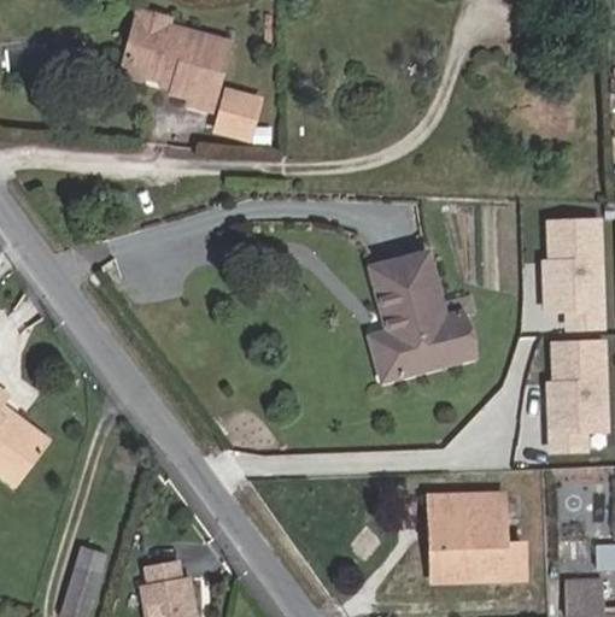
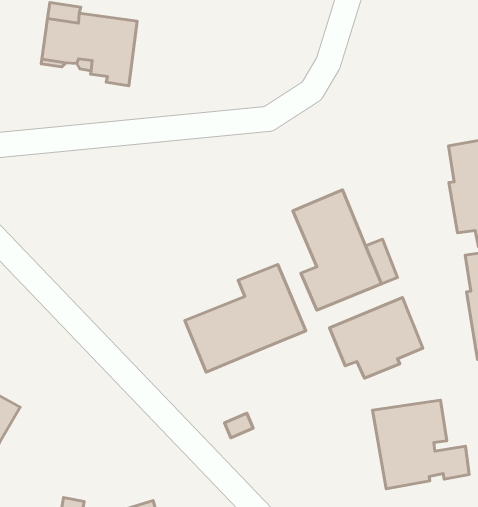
building: [213,86,264,140] -> none
building: none -> [185,264,306,372]
building: none -> [329,298,423,378]

